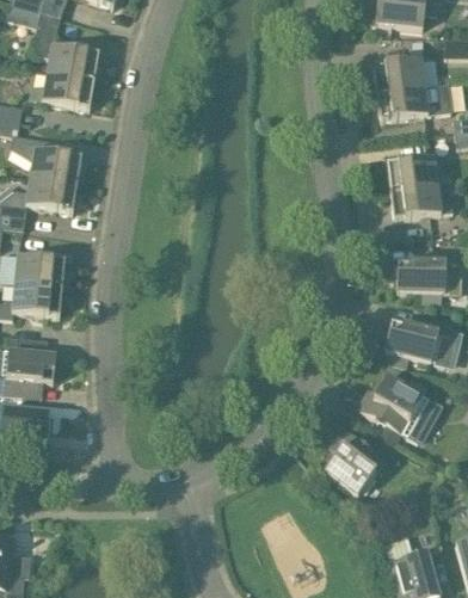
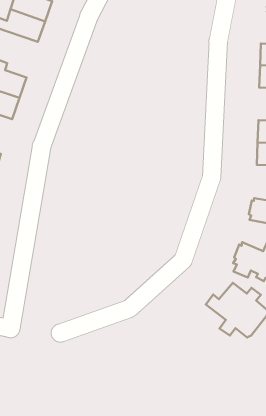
building: [324,427,394,494] -> none

